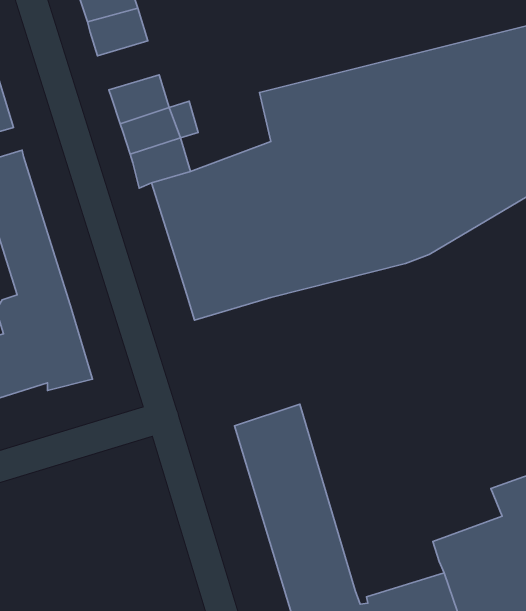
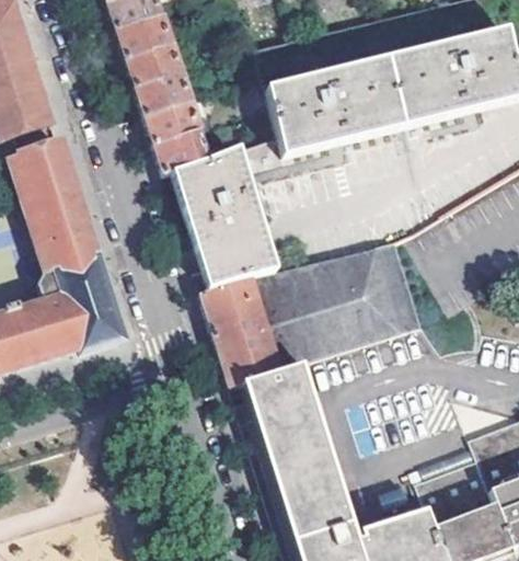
building: none -> [125,45,178,88]
building: none -> [199,239,422,386]

